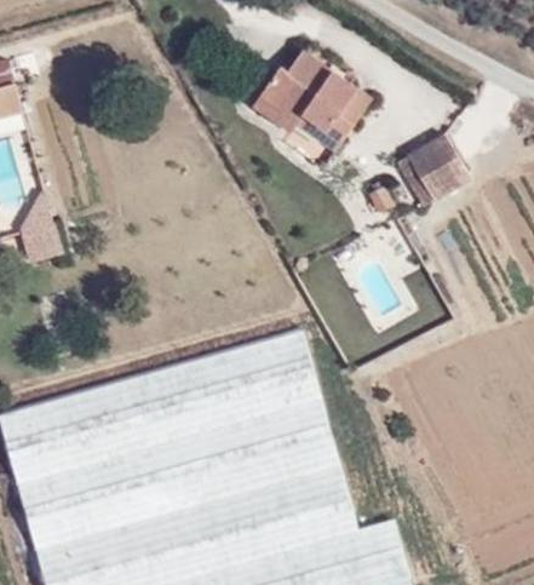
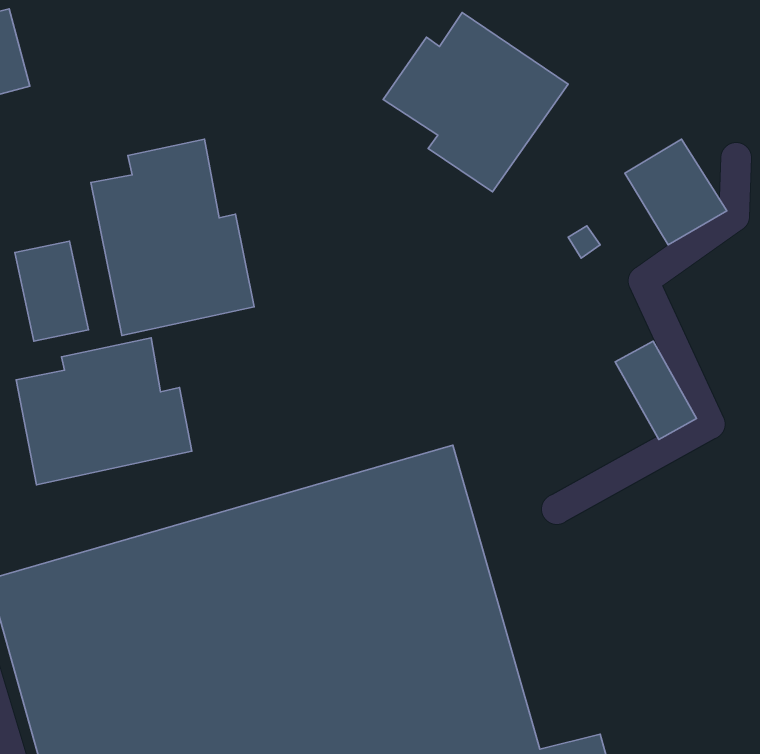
building: none -> [91,139,254,335]
building: none -> [16,338,192,485]

